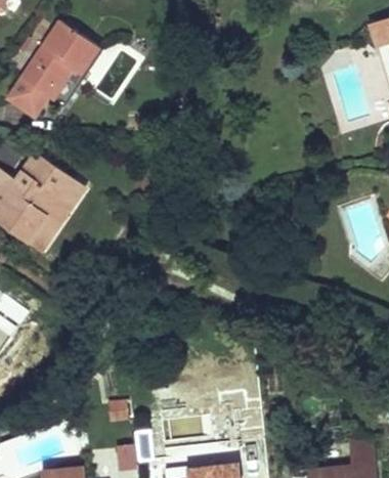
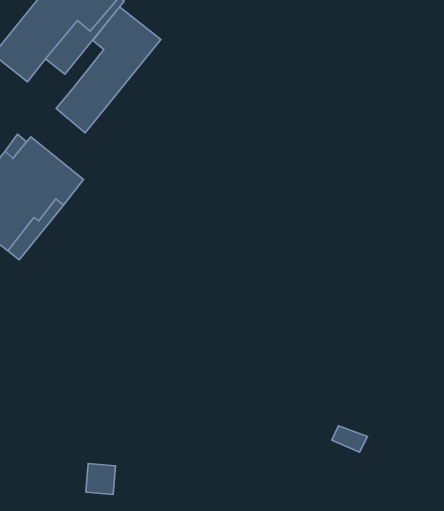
building: none -> [56,7,161,133]

